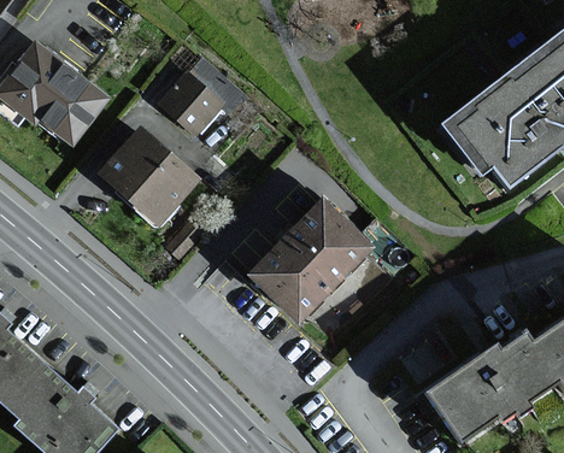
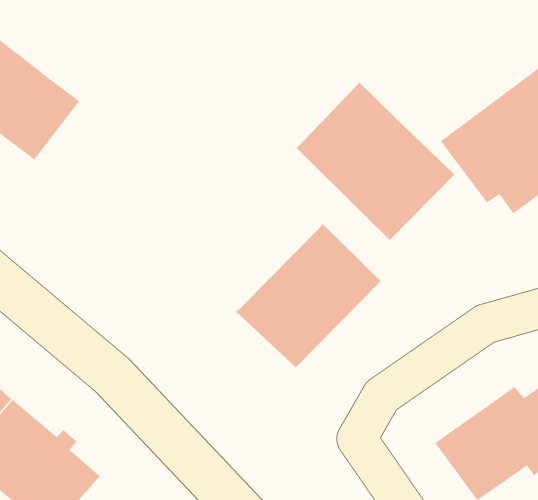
building: [161,75,221,134] -> none
building: none -> [296,82,455,241]
building: [101,133,198,228] -> none

